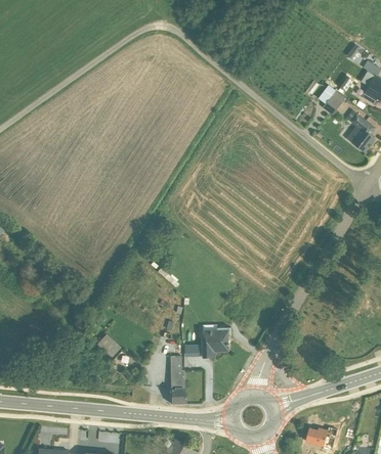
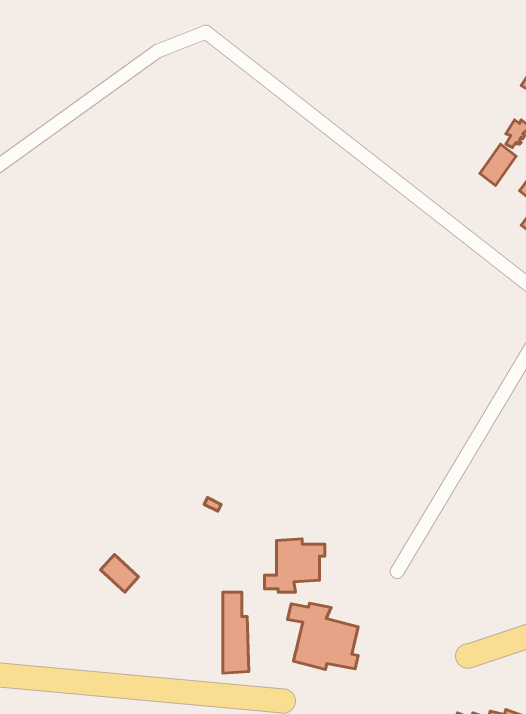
building: none -> [287,603,358,669]

